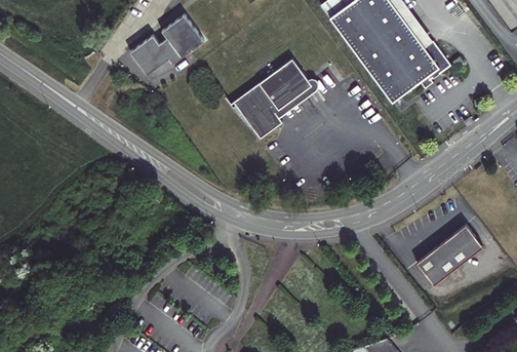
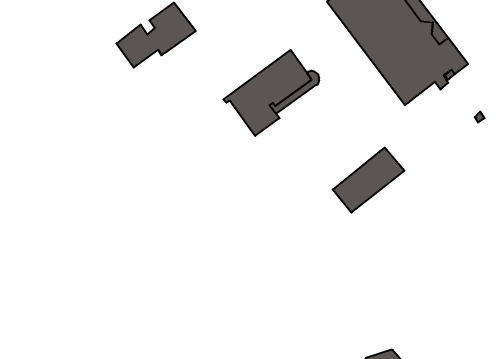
building: [415,221,482,281] -> [333,148,404,213]

